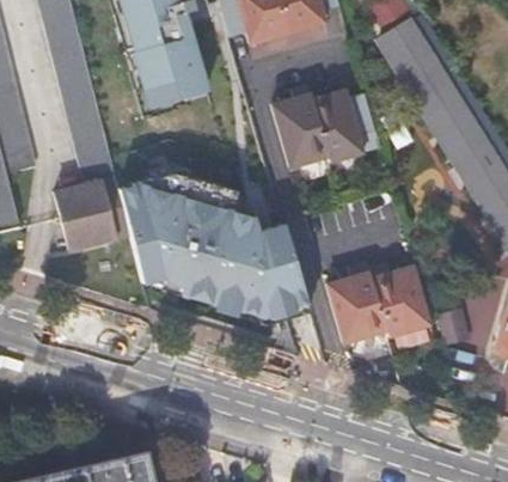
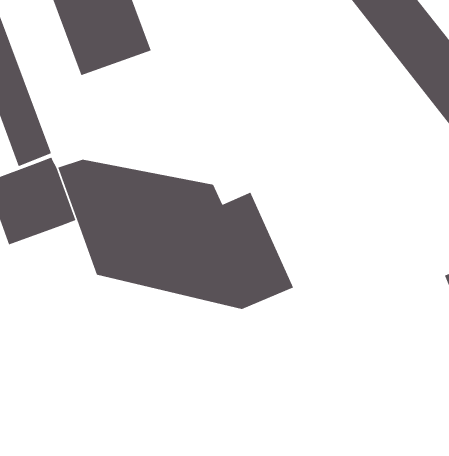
building: [271,86,375,170] -> none
building: [328,263,432,346] -> none

